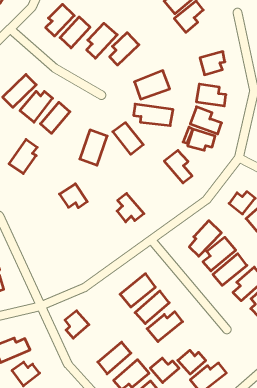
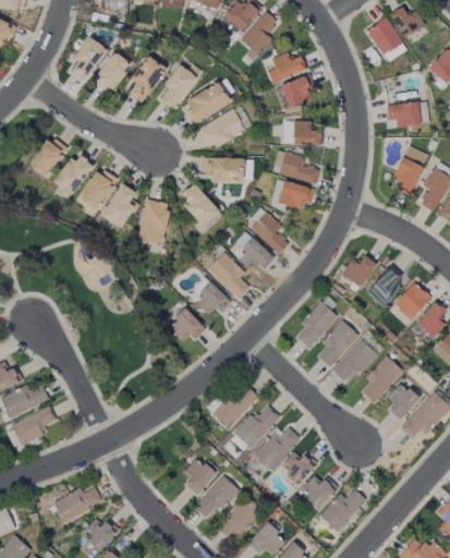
building: none -> [268,52,306,84]
building: none -> [184,84,230,121]
building: [9,139,37,174] -> [101,183,136,229]
building: none -> [229,232,273,270]
building: none -> [207,252,250,299]
building: [59,184,87,208] -> [167,308,205,341]
building: [65,311,89,338] -> [182,458,215,495]
building: [150,358,179,383] -> [279,452,317,485]

